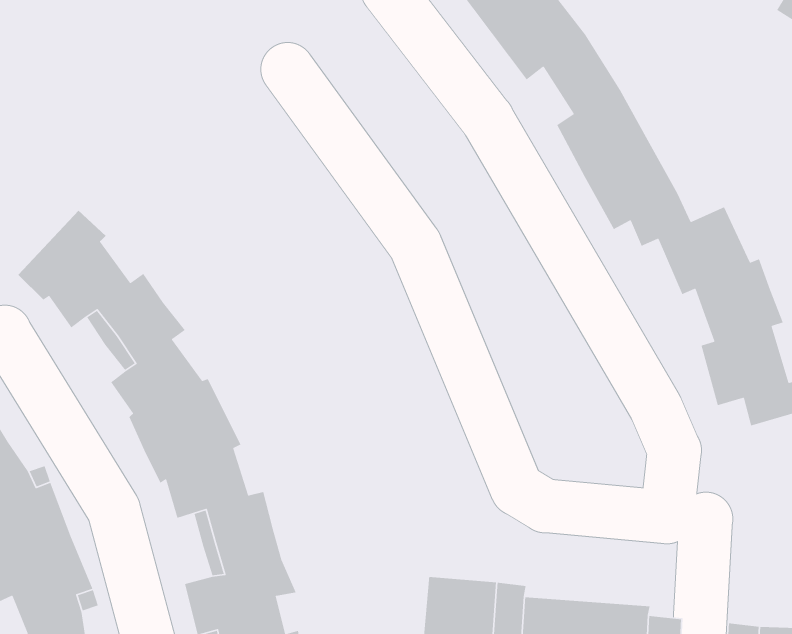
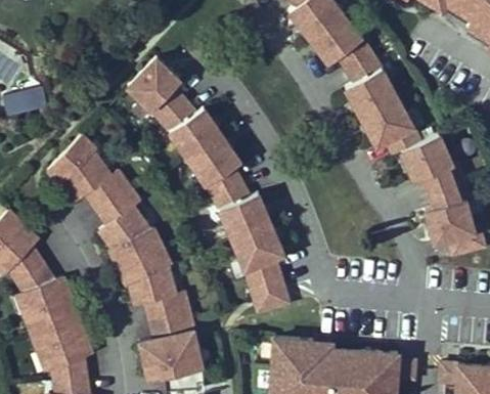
building: none -> [127,57,288,313]

